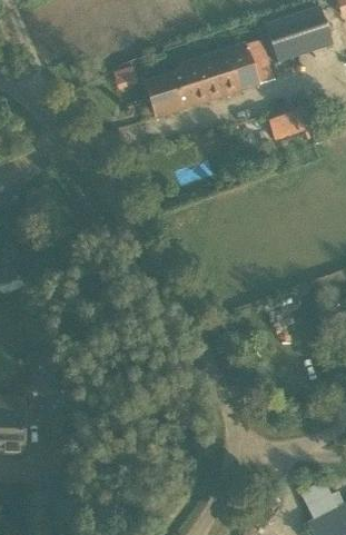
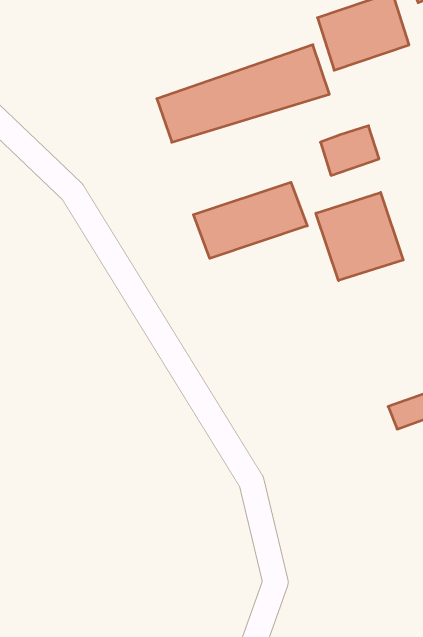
building: none -> [193,182,307,258]
building: none -> [316,192,403,281]

